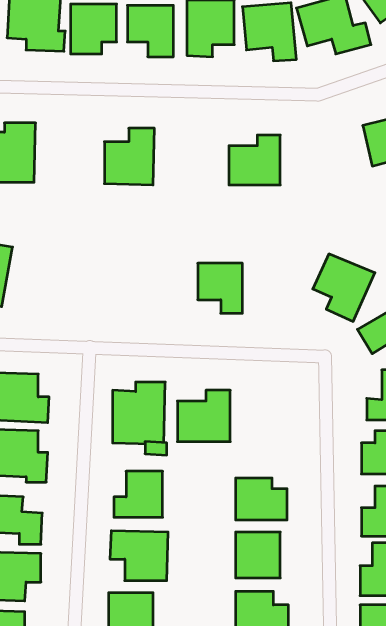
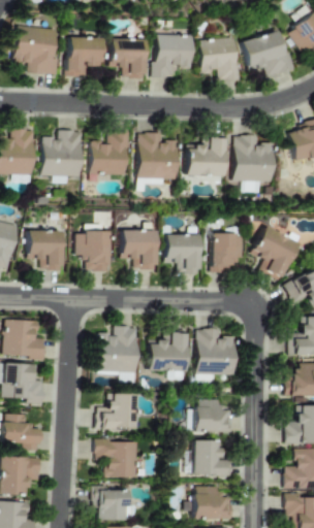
building: none -> [44,131,85,176]
building: none -> [138,134,177,179]
building: none -> [232,136,274,184]
building: none -> [29,231,64,270]
building: none -> [117,231,154,269]
building: none -> [75,232,105,270]
building: none -> [209,235,239,273]
building: none -> [195,330,234,375]

